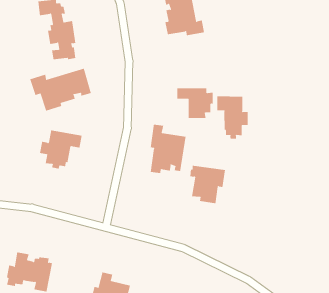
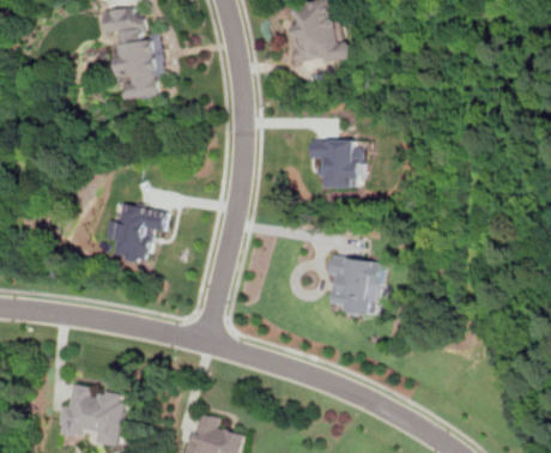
building: [29,68,91,111] -> none
building: [217,96,248,140] -> none
building: [150,124,186,174] -> none

